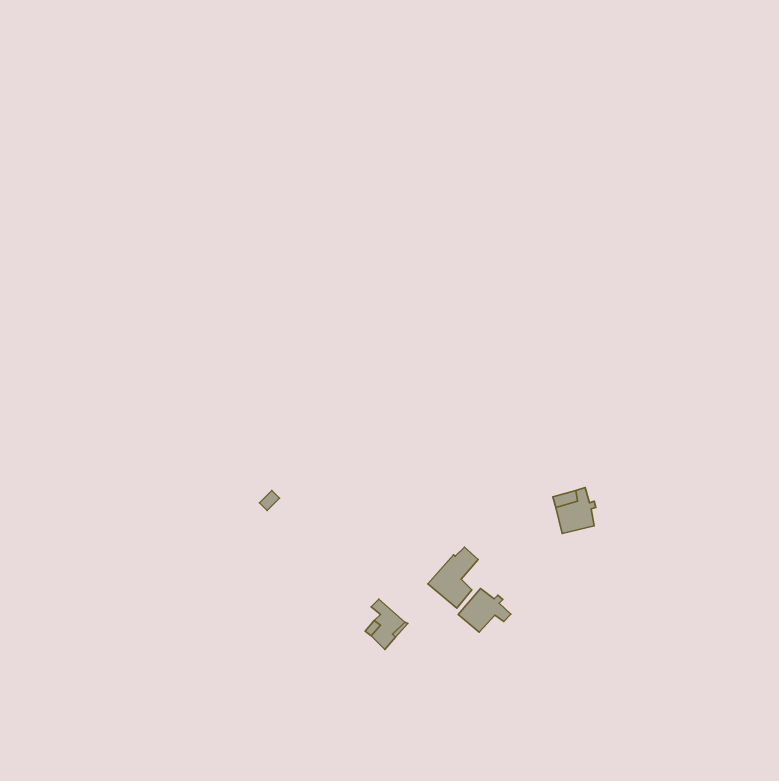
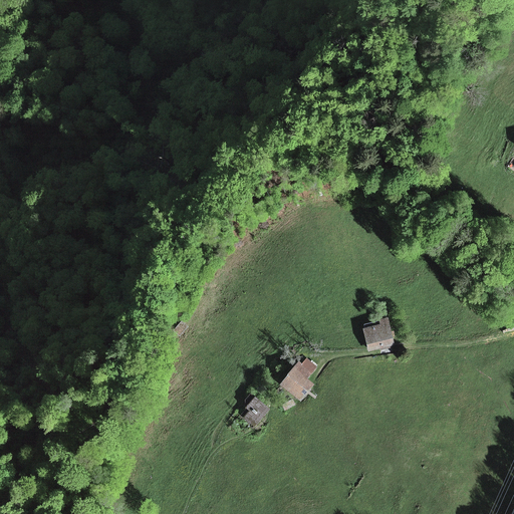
building: [458,588,511,632] -> none

